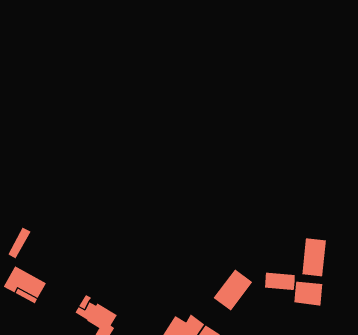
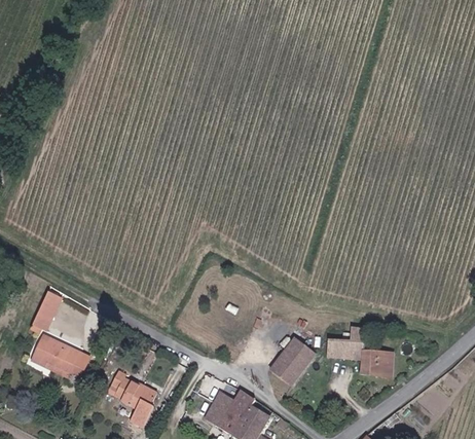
building: [302,238,326,277] -> none

